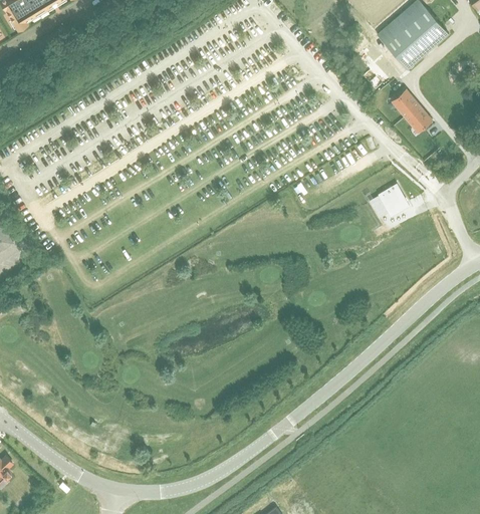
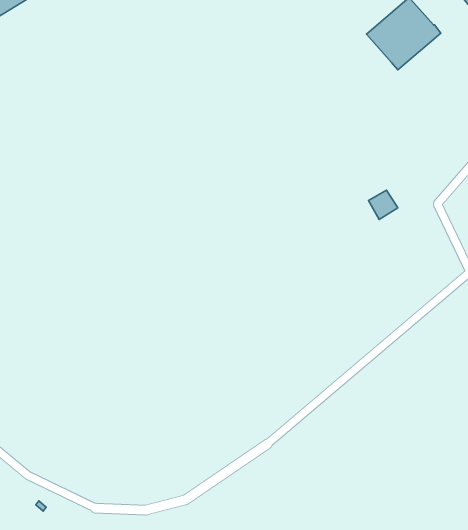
building: [396,90,430,128] -> none

